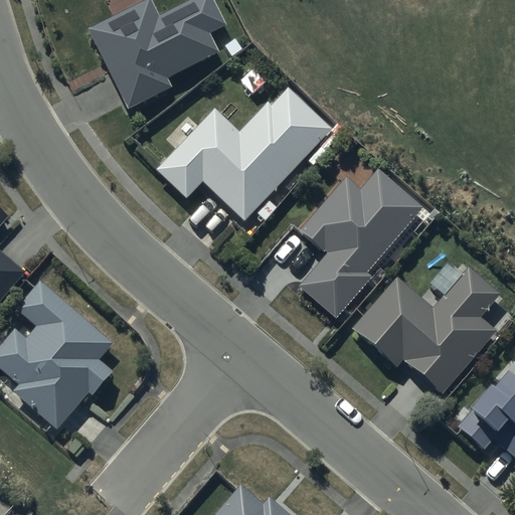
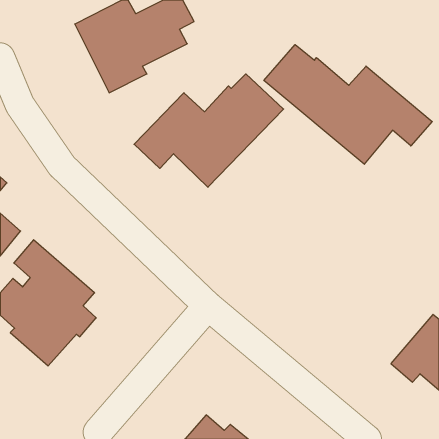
building: none -> [264,45,432,164]
building: [298,169,422,319] -> none
building: [352,270,497,393] -> none

